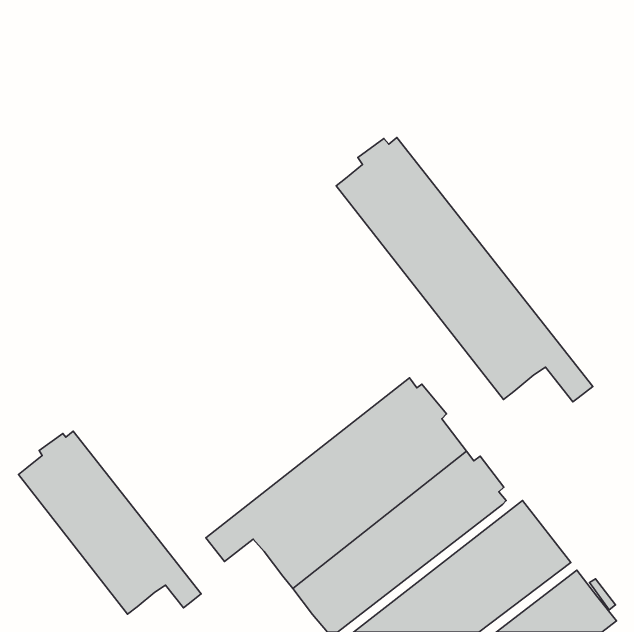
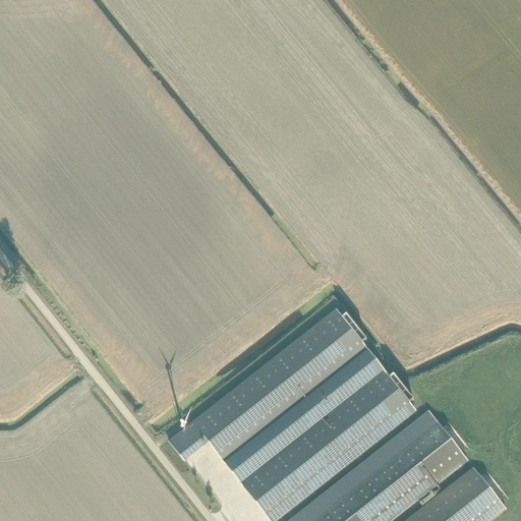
building: [336,138,593,402] -> none
building: [18,431,201,614] -> none

